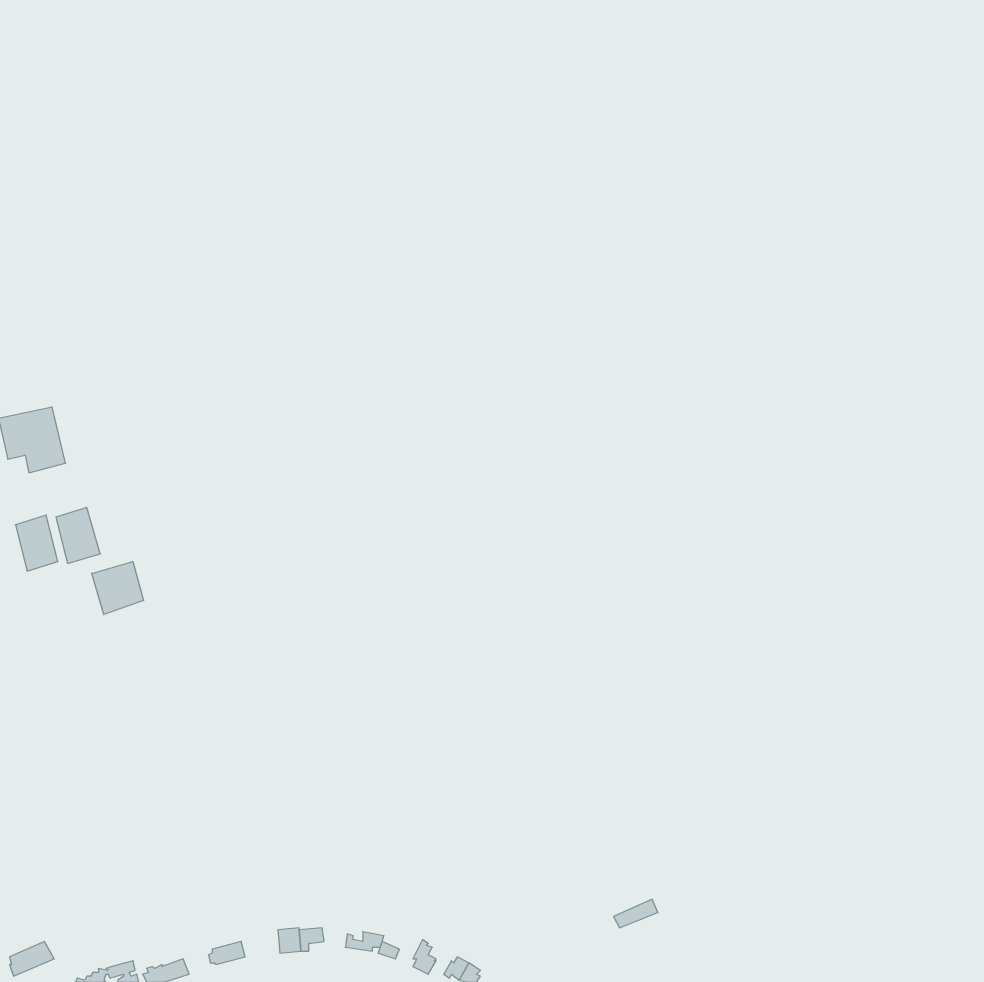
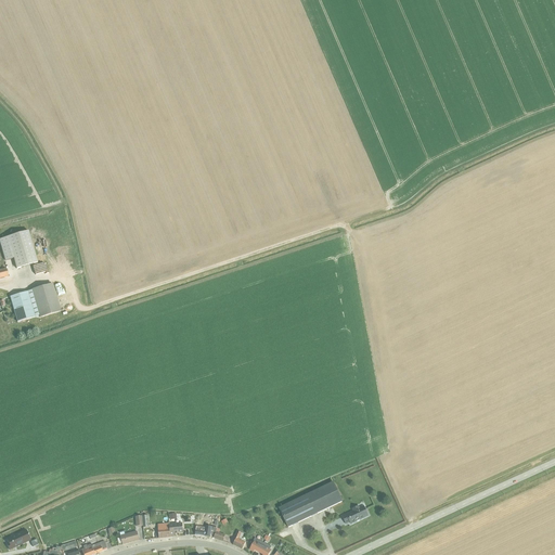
building: [92,561,144,615] -> none
building: none -> [278,482,339,526]

